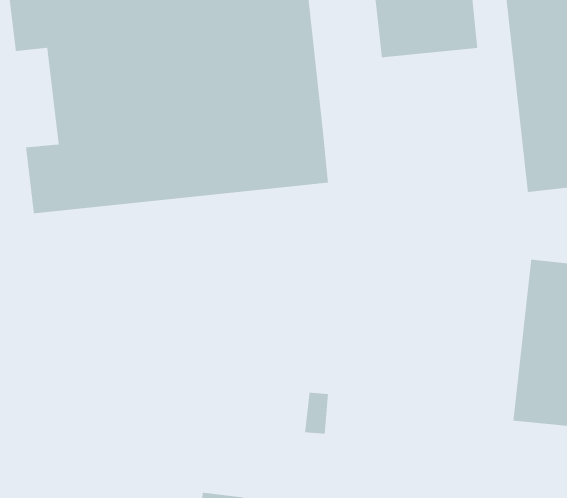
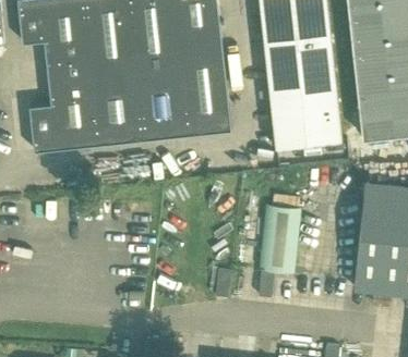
building: none -> [266,45,341,150]
building: none -> [260,209,298,300]

